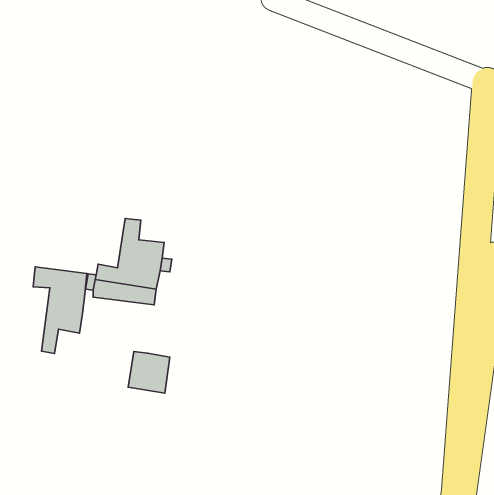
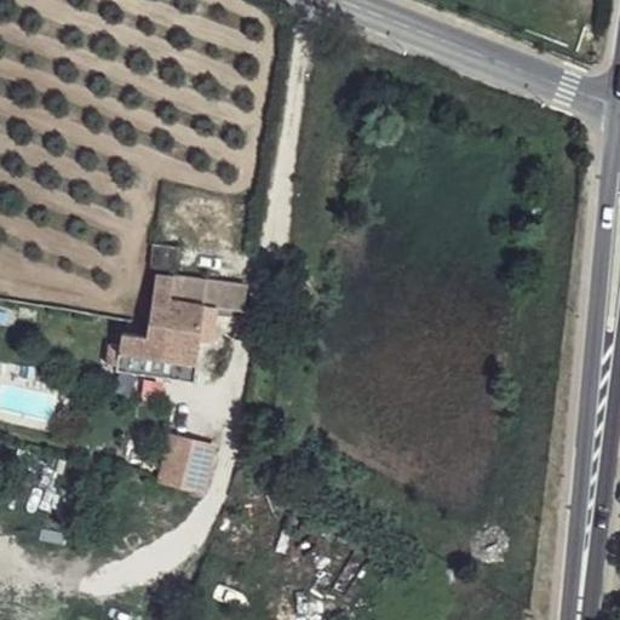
building: none -> [173,275,247,310]
building: [33,267,87,354] -> none

